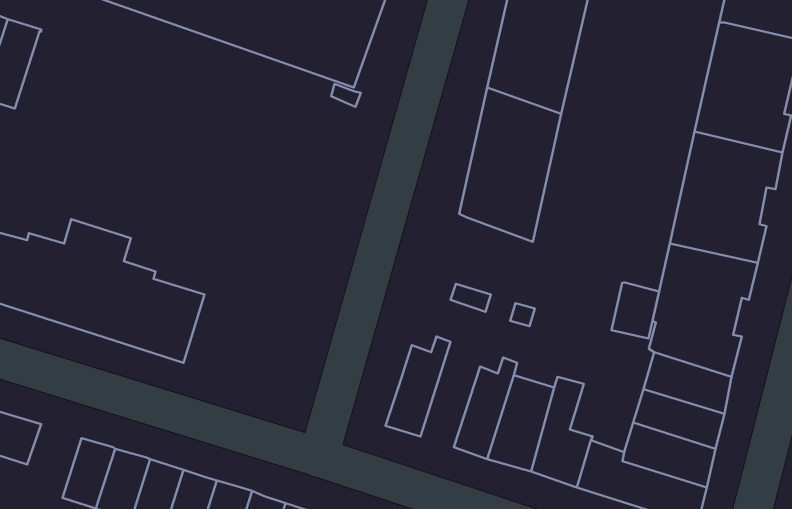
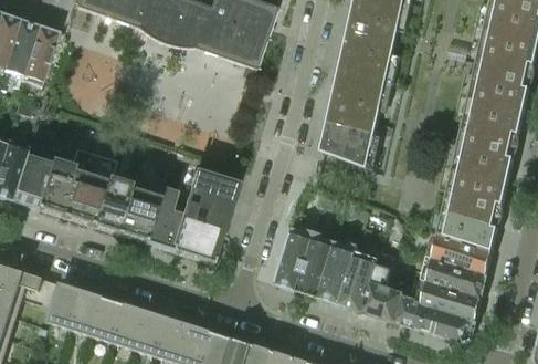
building: none -> [146,166,235,262]
building: [611,283,659,339] -> none
building: none -> [295,229,333,295]
building: none -> [48,282,82,327]

